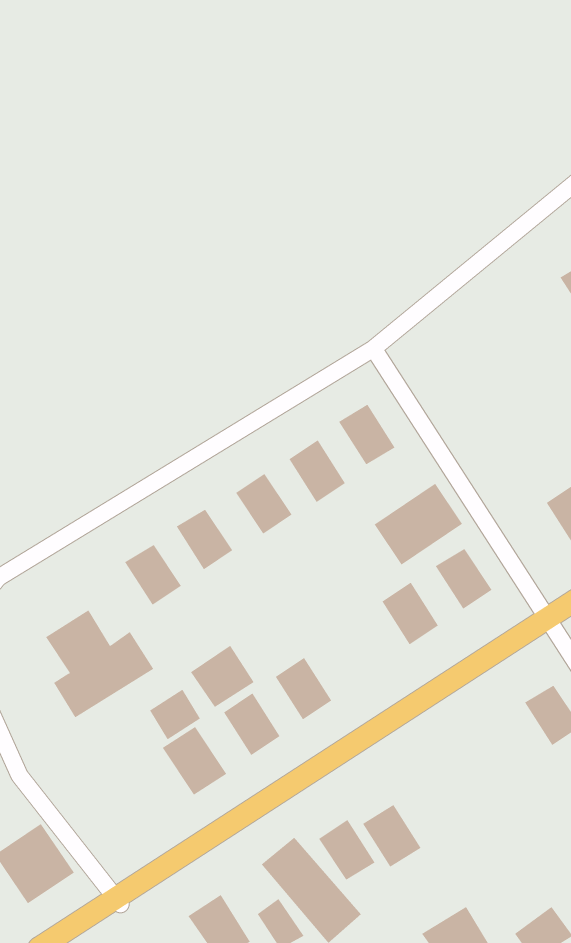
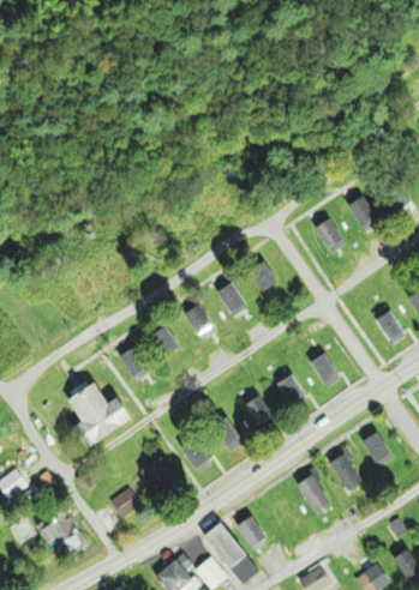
building: none -> [343,193,378,231]
building: none -> [310,216,345,254]
building: [374,483,463,565] -> none
building: none -> [238,391,273,429]
building: [190,645,254,708] -> none
building: [149,689,201,740] -> [109,488,140,519]
building: none -> [327,453,361,490]
building: [362,804,422,867] -> [295,475,331,513]

